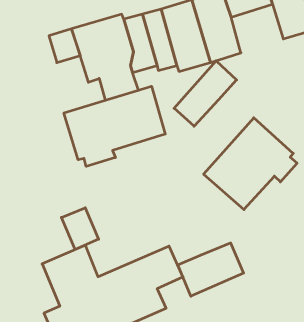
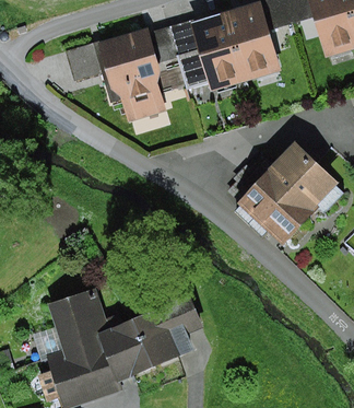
building: [174,61,237,126] -> none
building: [64,86,165,166] -> none
building: [61,208,99,249] -> none
building: [178,243,244,296] -> none

